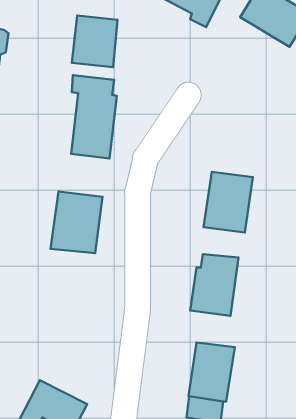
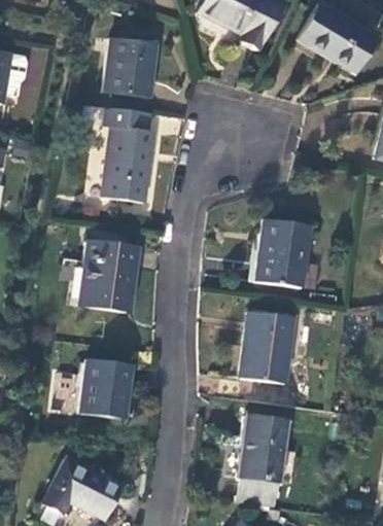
building: none -> [79,358,132,418]

